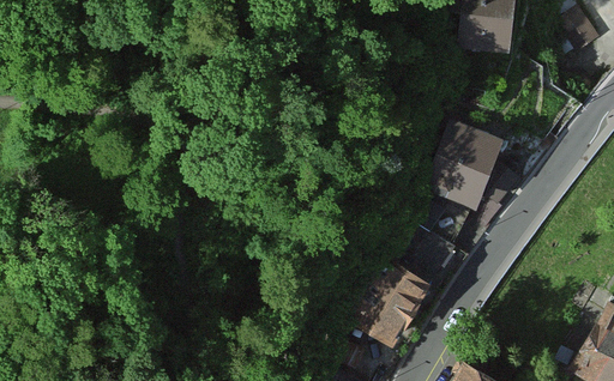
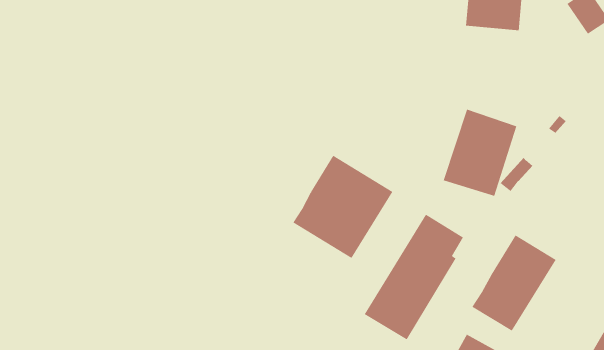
building: none -> [293,155,393,259]
building: none -> [472,235,556,332]

